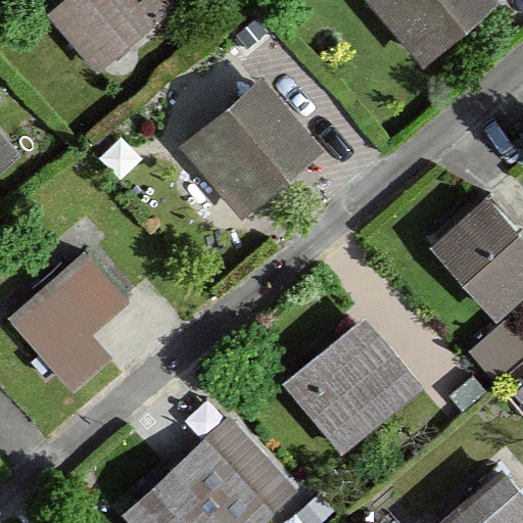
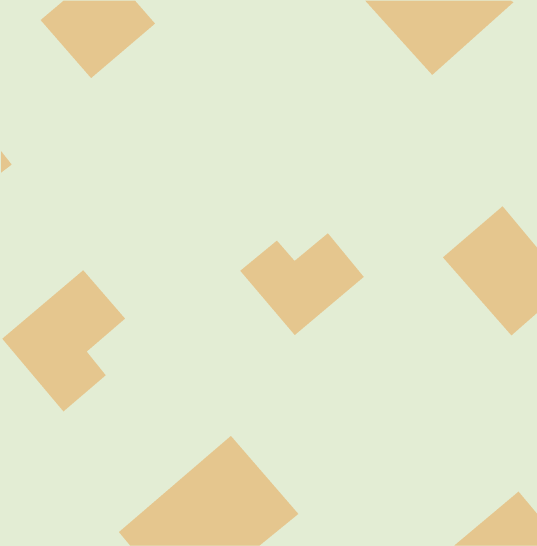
building: [180,79,325,222] -> none
building: none -> [239,232,365,336]
building: [285,316,426,454] -> none

